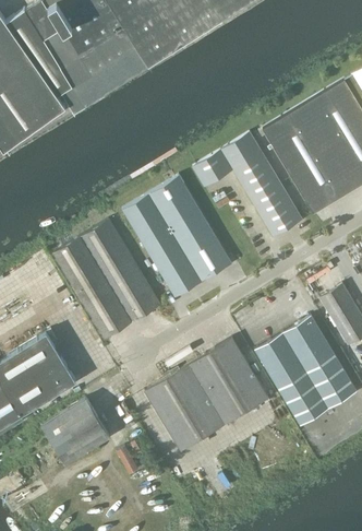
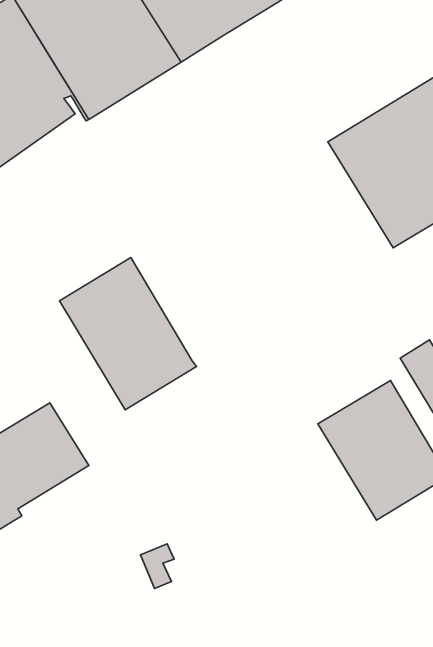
building: [193,132,302,236] -> none
building: [122,175,231,295] -> none
building: [145,338,268,449] -> none
building: [43,398,110,463] -> none

